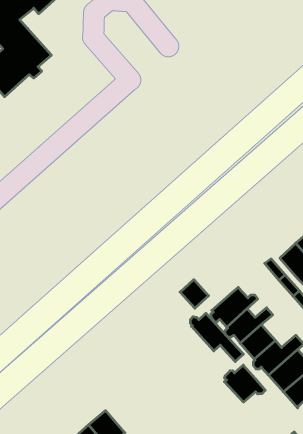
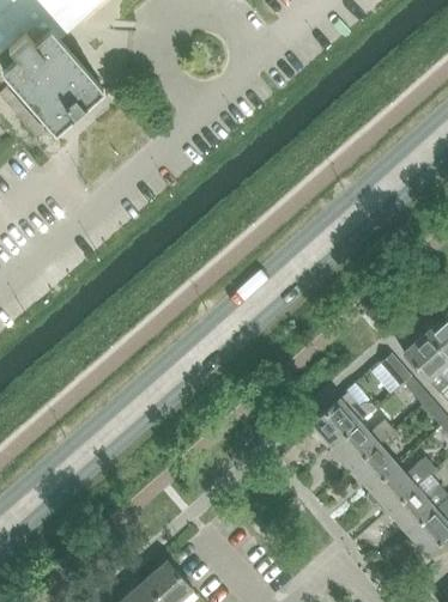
building: [180,280,209,308] -> none
building: [190,313,243,362] -> none
building: [224,365,265,402] -> none

